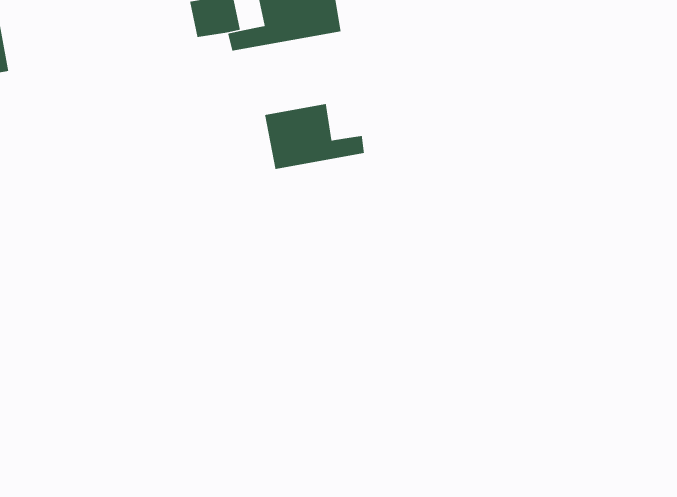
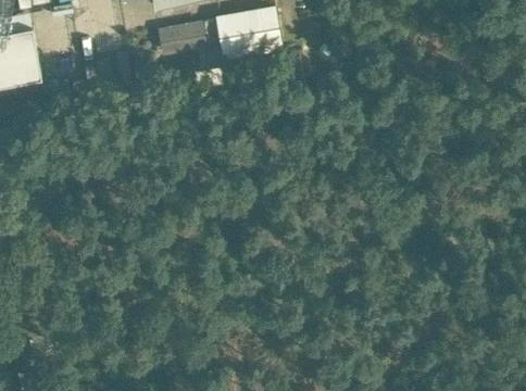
building: [264,103,365,170] -> none

